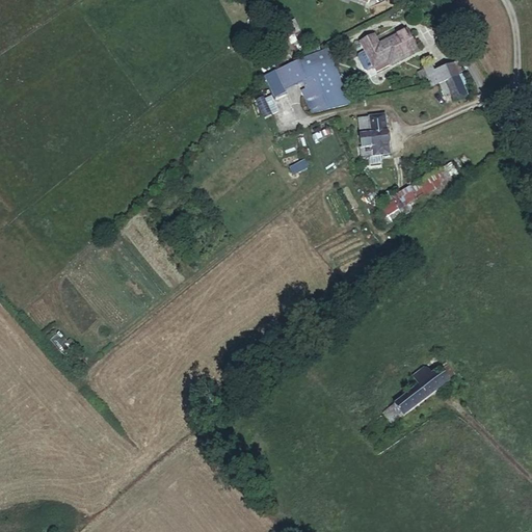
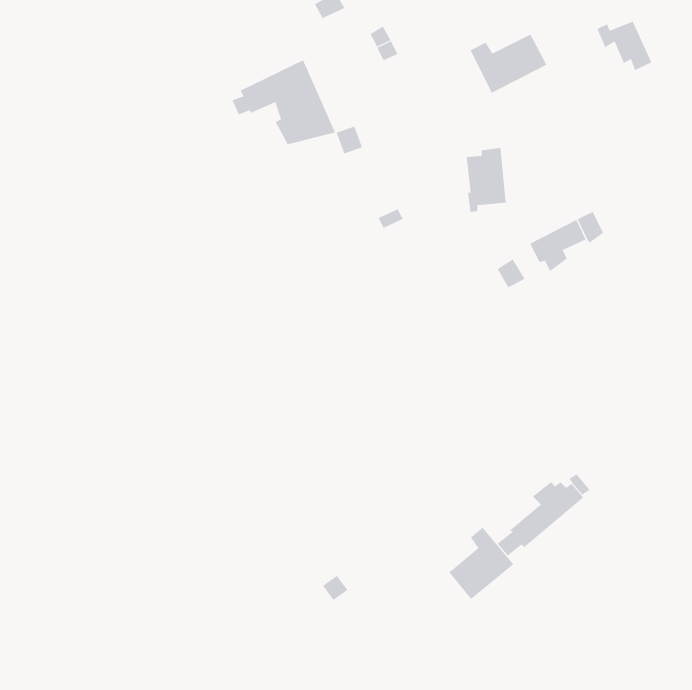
building: [269,46,349,111] -> [232,60,336,145]
building: [424,62,467,101] -> [597,21,652,71]
building: none -> [448,527,514,600]

